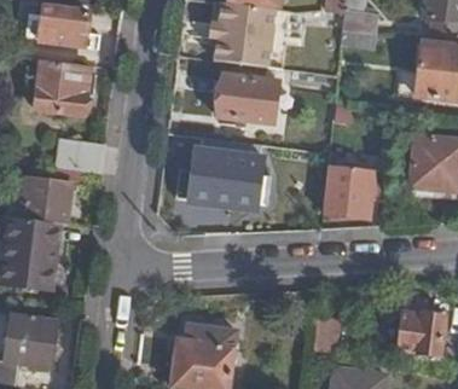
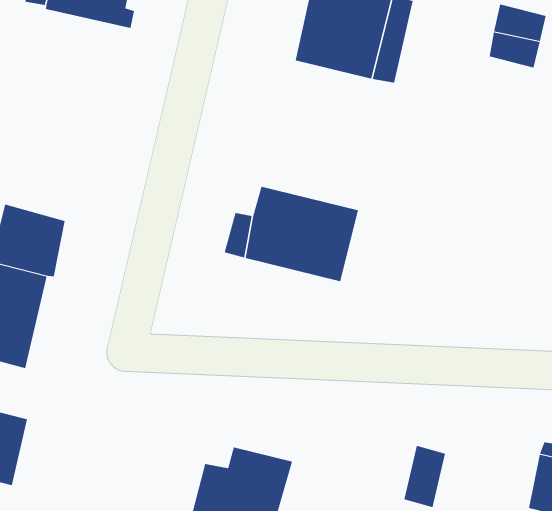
building: [33,64,89,115] -> none
building: [219,76,278,123] -> none
building: [54,141,103,174] -> none
building: [324,167,373,216] -> none

